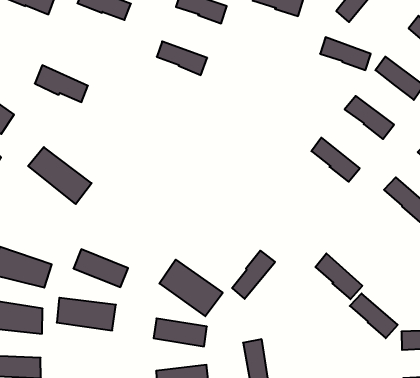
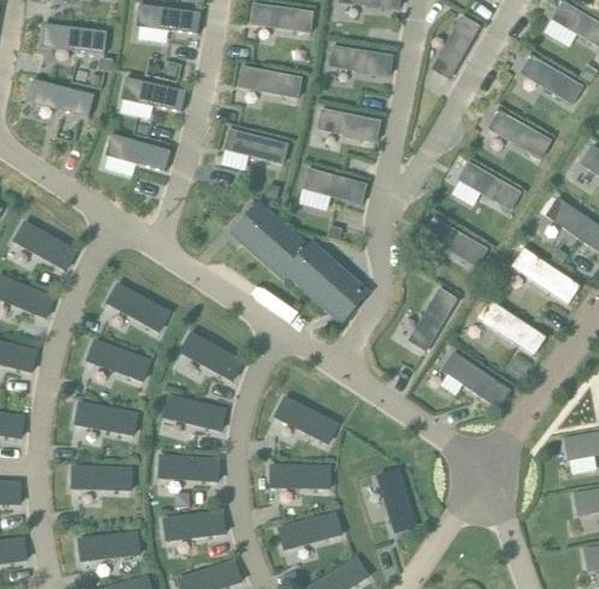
building: [320,37,371,70] -> [318,108,379,141]
building: [35,65,88,102] -> [105,132,169,170]
building: none -> [304,168,365,205]
building: none -> [229,201,368,324]
building: none -> [77,339,148,388]
building: none -> [178,331,243,382]
building: [232,251,275,299] -> [409,286,456,347]
building: [350,293,398,338] -> [485,304,546,354]
building: none -> [152,509,219,544]

